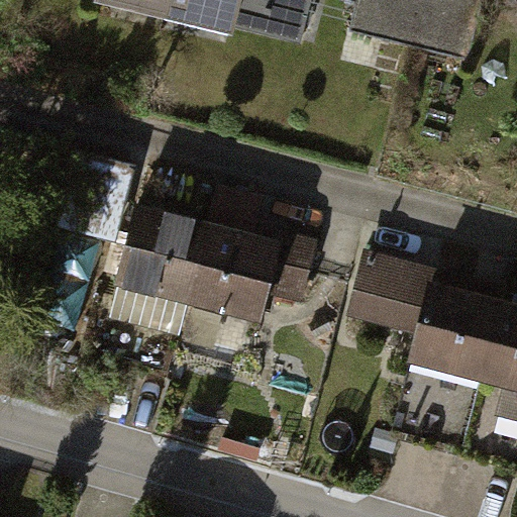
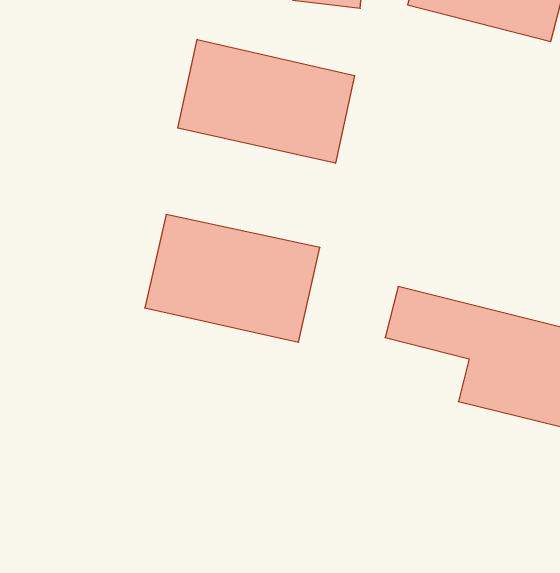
building: none -> [178,39,354,163]

